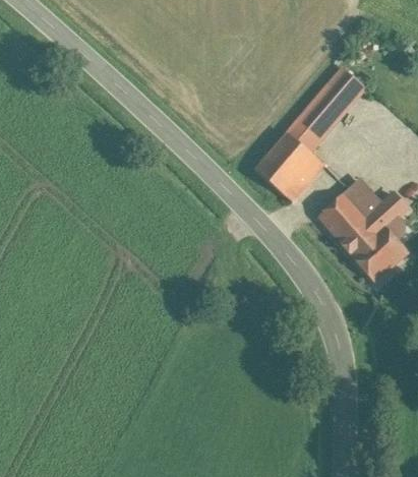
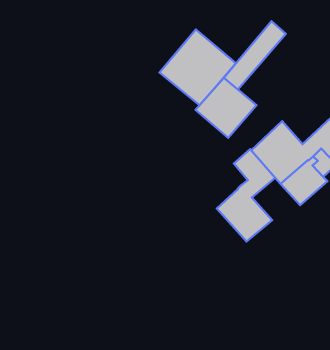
building: none -> [159,30,236,105]
building: none -> [217,149,275,241]

